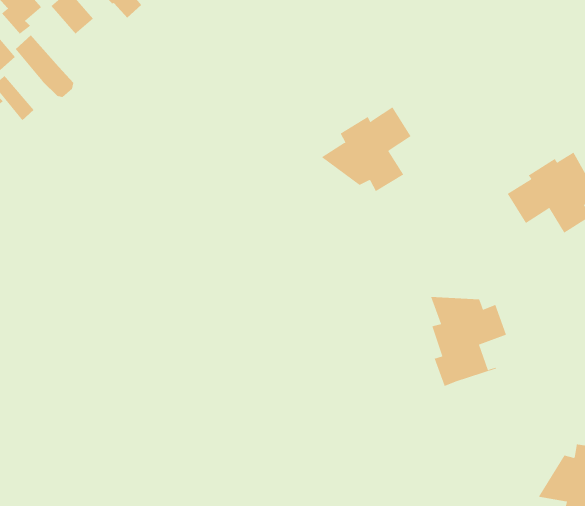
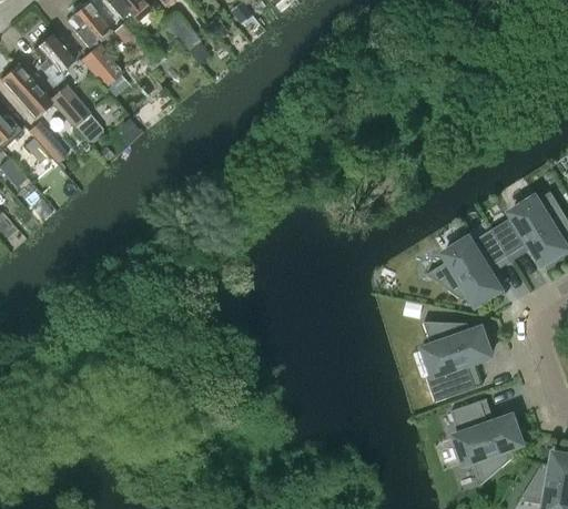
building: [321,106,411,192] -> [428,228,509,305]
building: none -> [452,398,523,485]

